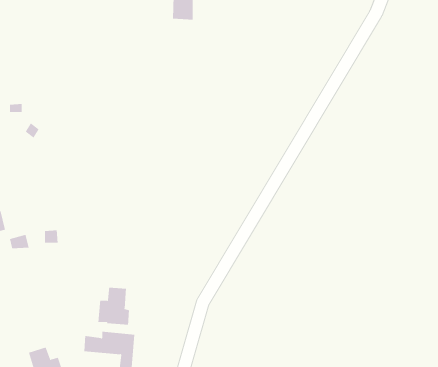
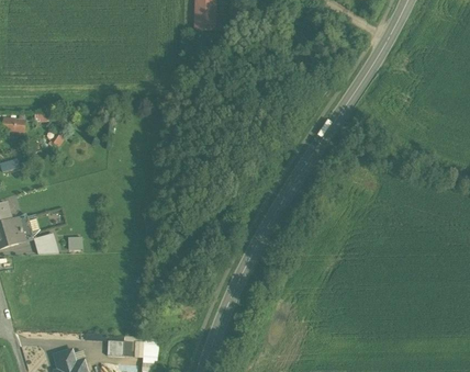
building: [98,287,130,325] -> none

